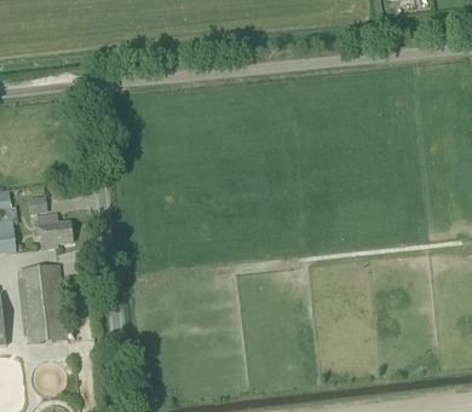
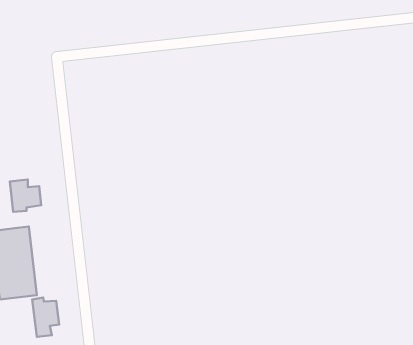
building: none -> [32,298,59,337]

